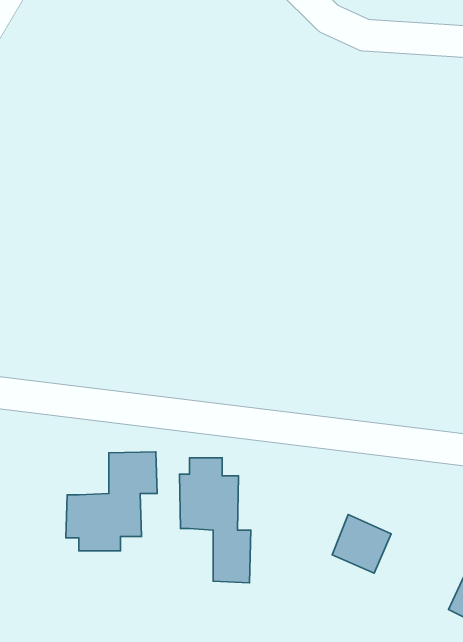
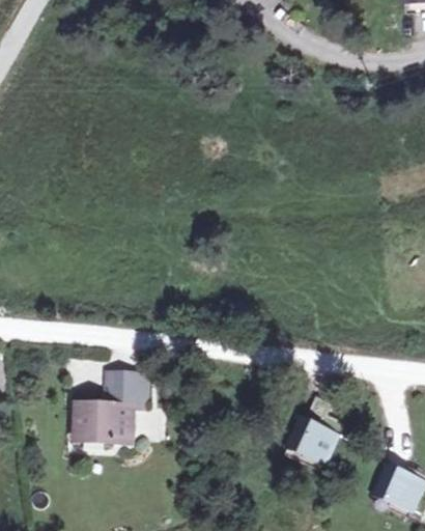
building: [179,458,251,583] -> none

